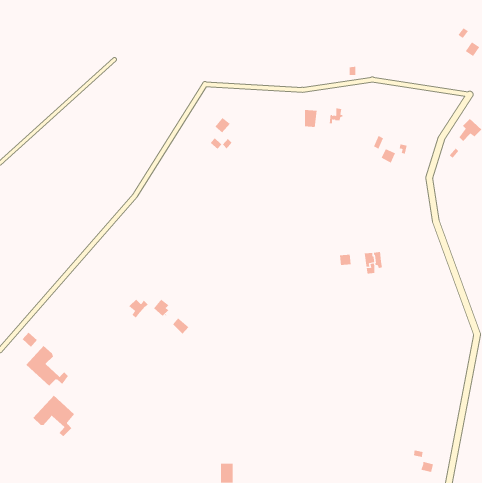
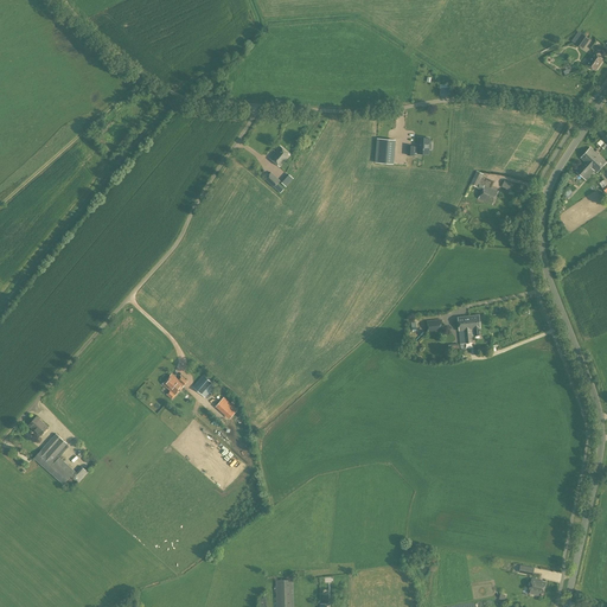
building: [32,395,75,437] -> none

